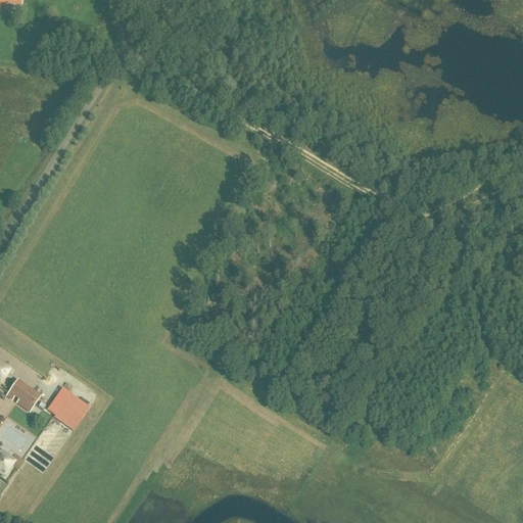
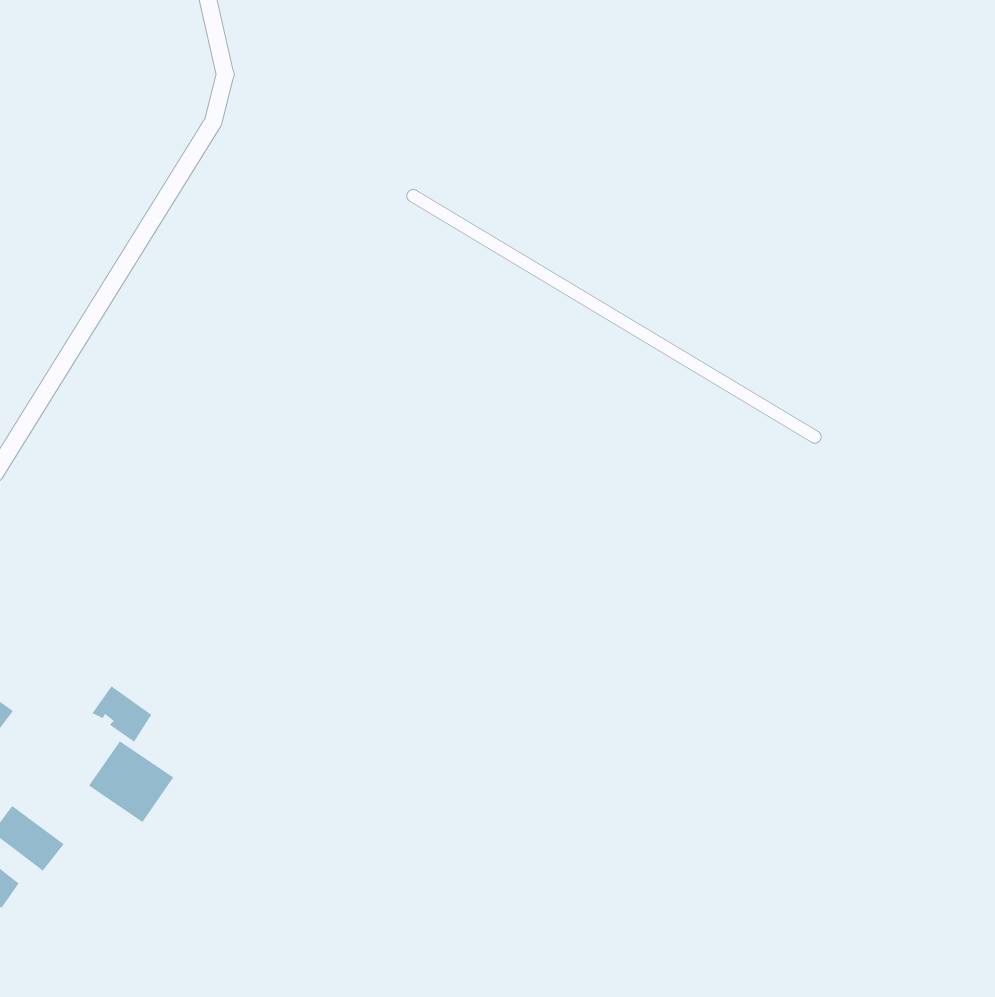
building: [4,381,36,411] -> [91,686,152,742]

